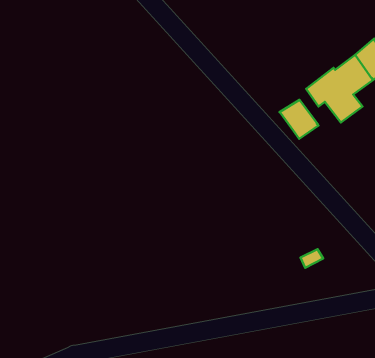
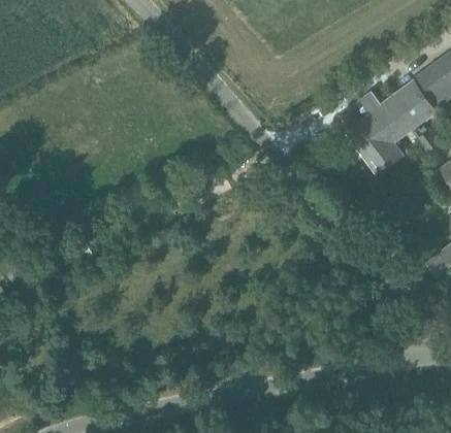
building: [279,100,318,139] -> none

